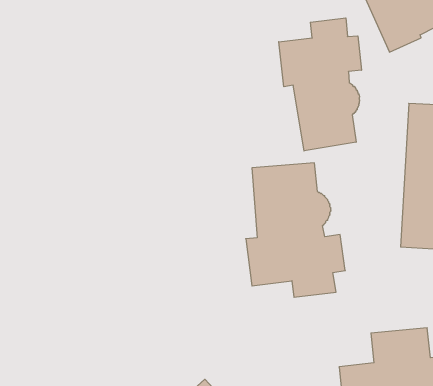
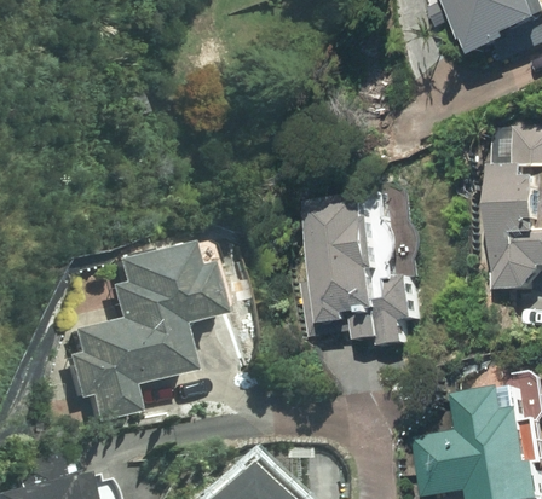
building: [279,18,361,151] -> none
building: none -> [54,243,208,428]

